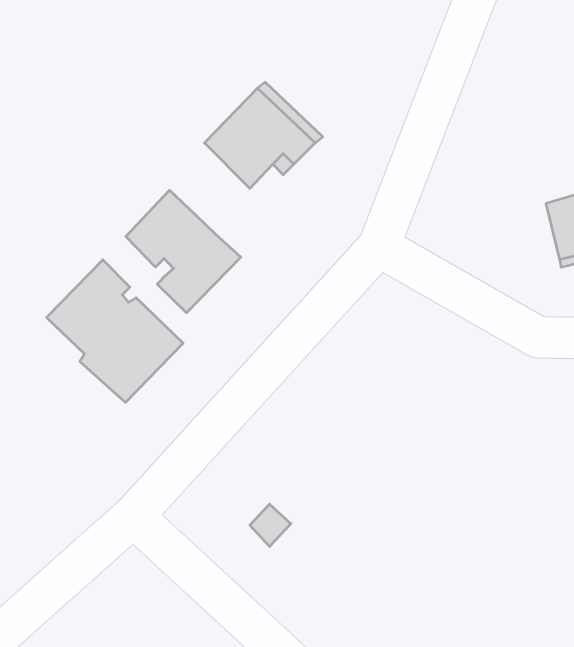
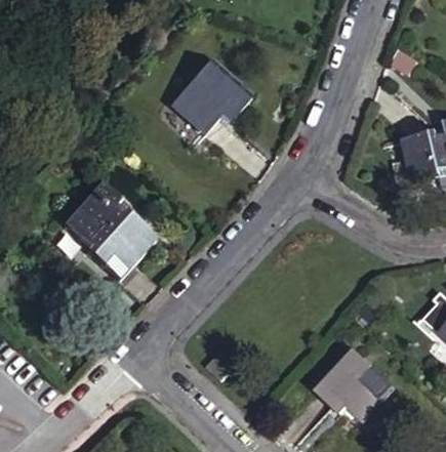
building: [126,190,241,313] -> none
building: none -> [311,351,391,421]

